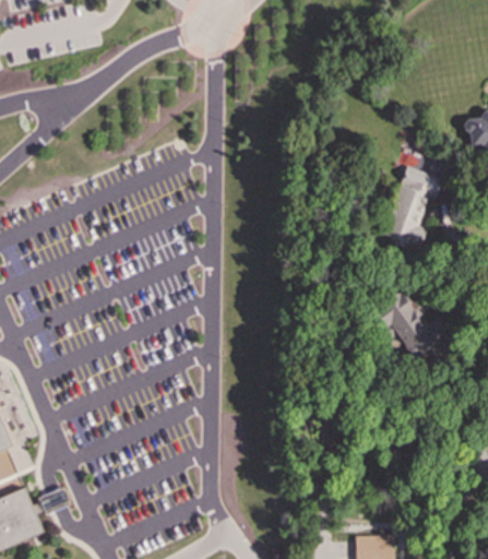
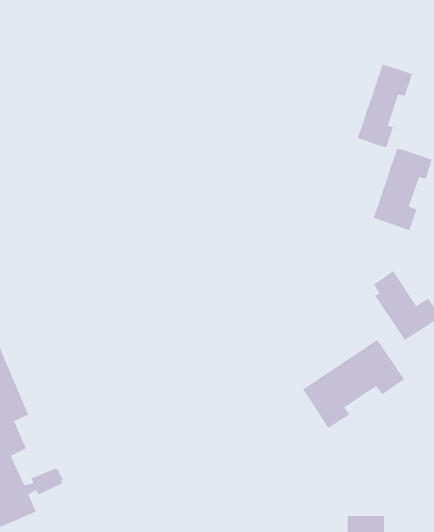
building: none -> [357,63,413,149]
building: none -> [302,339,405,429]

